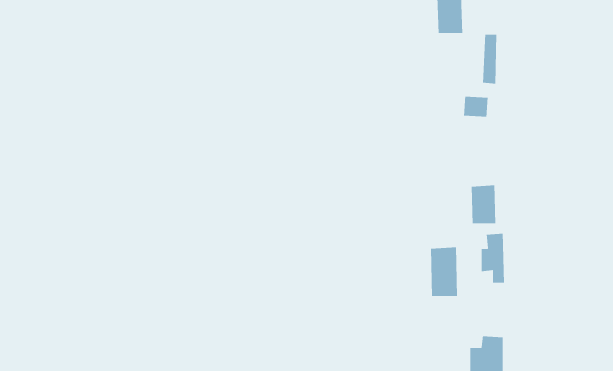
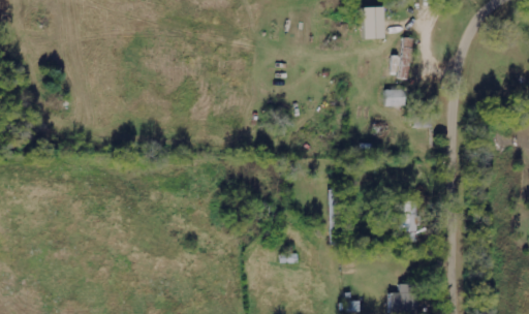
building: [471,185,496,224] -> none
building: [430,246,458,297] -> none

